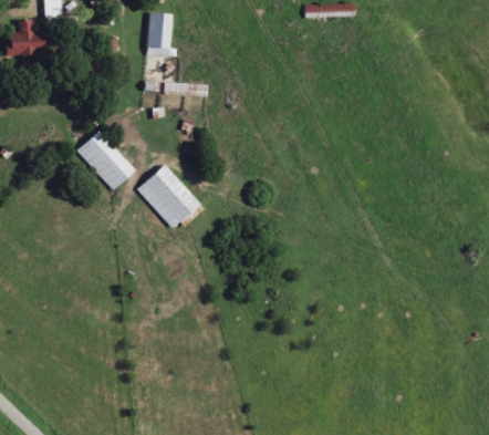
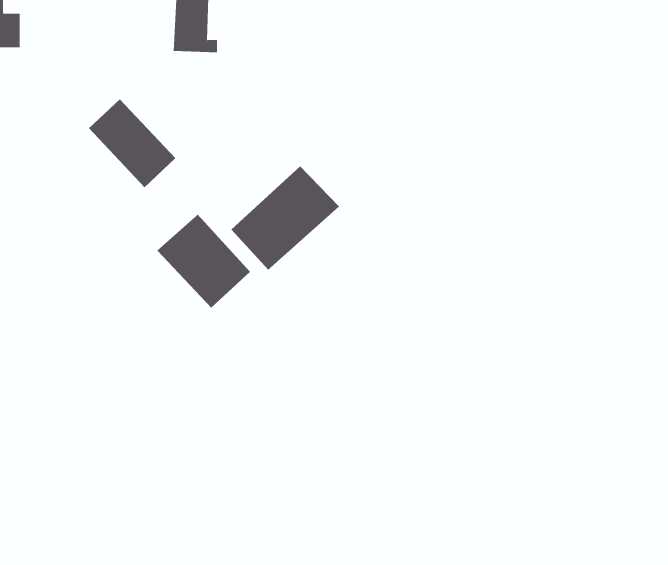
building: [76,131,135,190] -> [88,98,176,188]
building: none -> [231,165,340,271]

